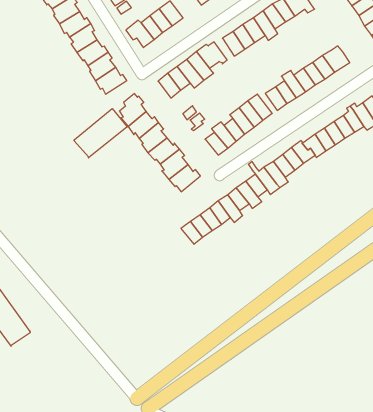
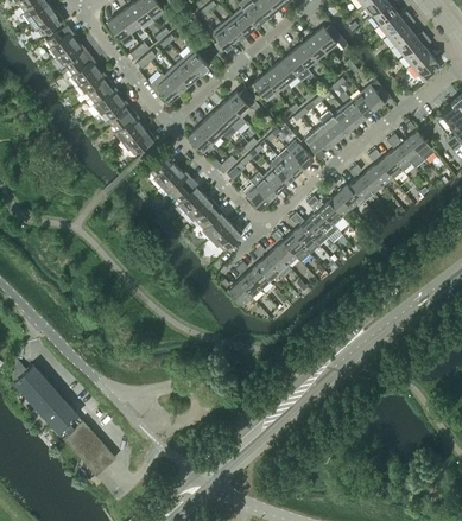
building: [74,109,127,158] -> none
building: none -> [58,415,115,475]

